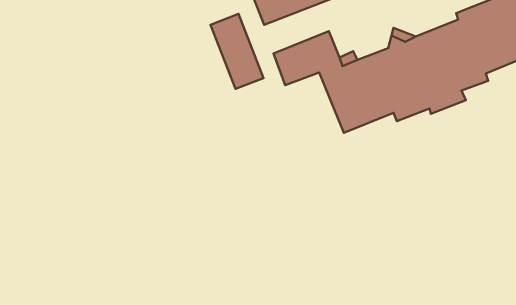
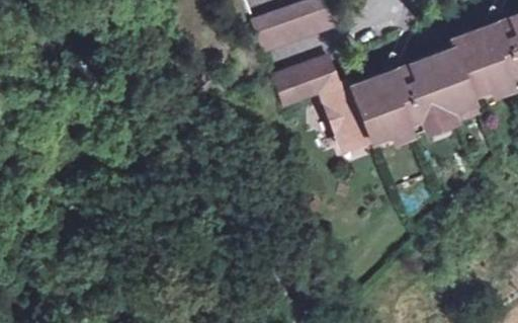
building: [210,14,264,89] -> none

